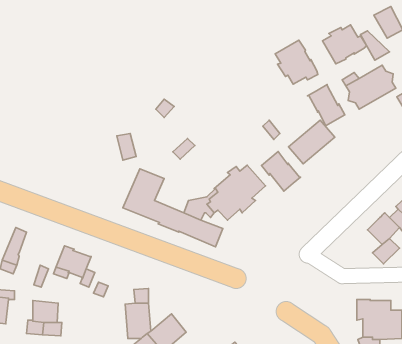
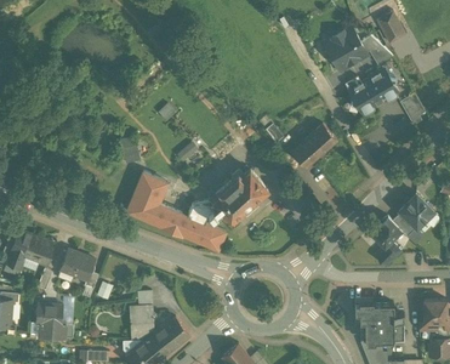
building: [275,40,318,84] -> none
building: [308,85,345,126] -> none
building: [261,151,301,191] -> none
building: none -> [23,235,55,266]

